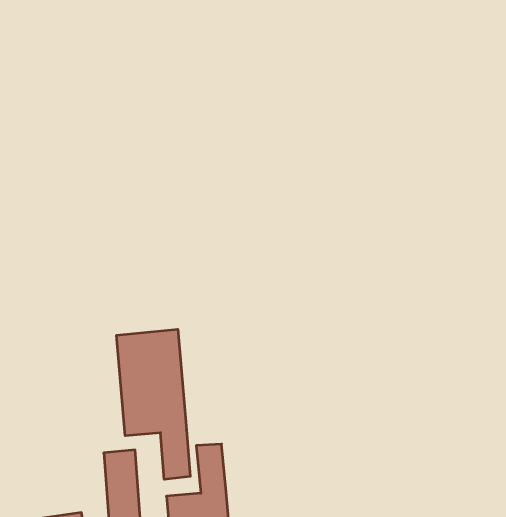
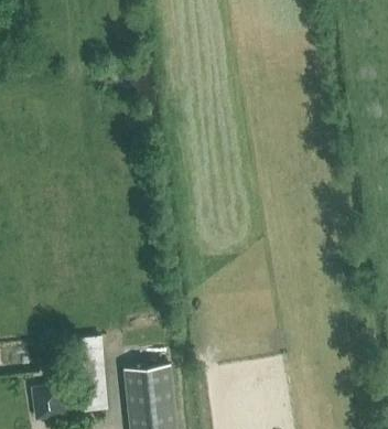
building: [117,329,190,479] -> none

